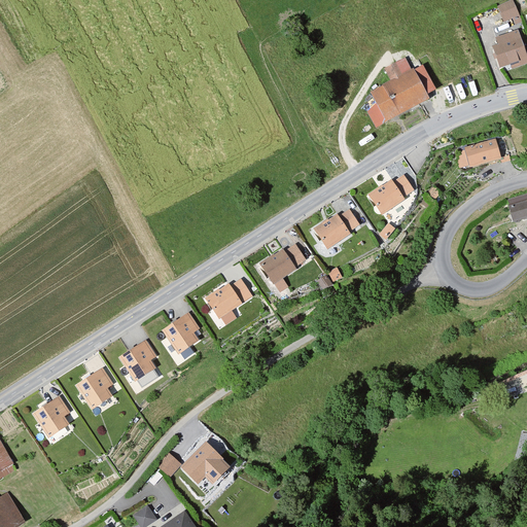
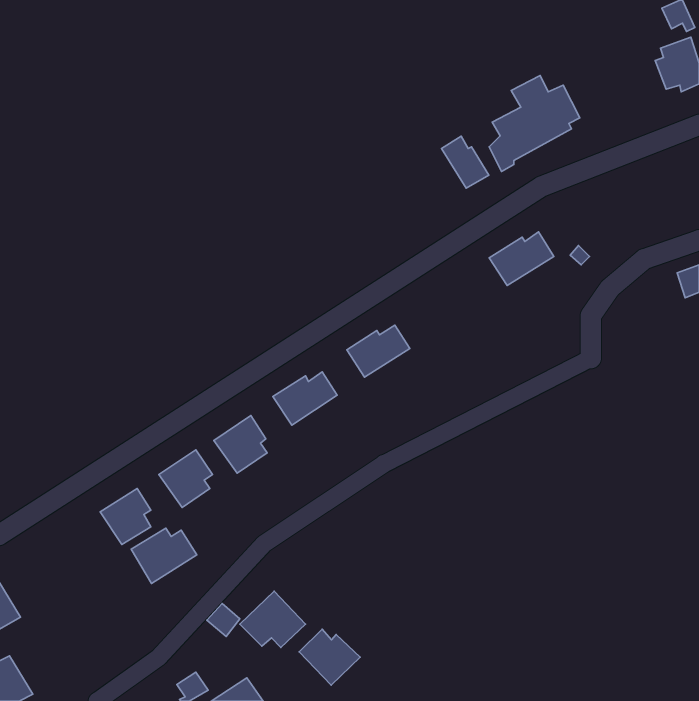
building: none -> [441,136,489,188]
building: [465,137,502,166] -> none
building: [315,208,361,248] -> none
building: [32,394,72,438] -> none
building: none -> [131,528,197,584]
building: none -> [299,629,360,685]

